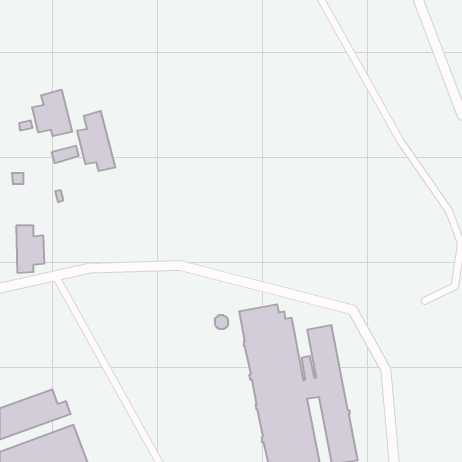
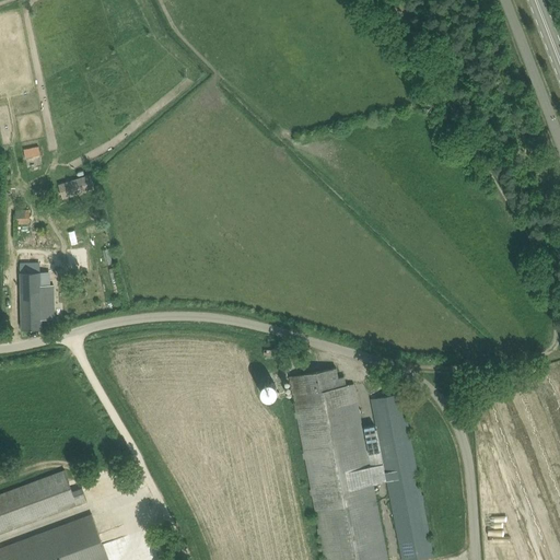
building: [32,90,72,136] -> none
building: [77,111,115,171] -> none

